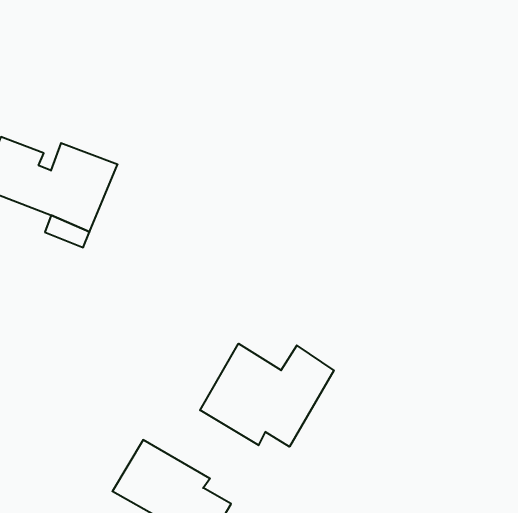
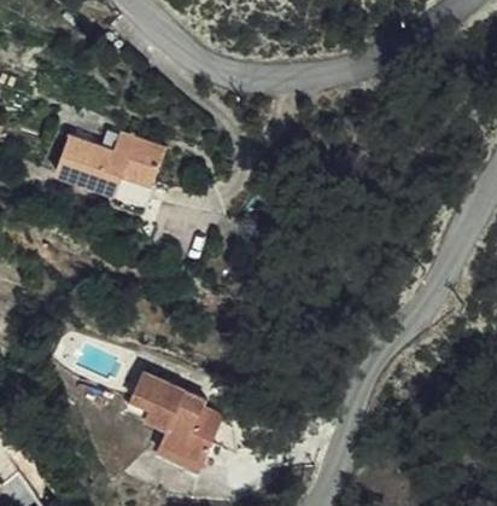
building: [200,344,334,447] -> none

